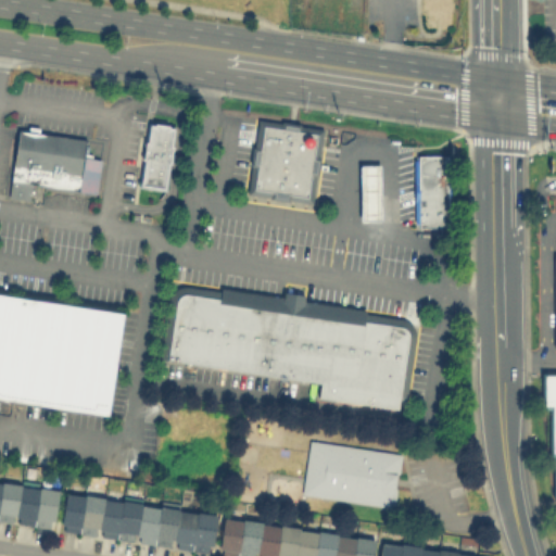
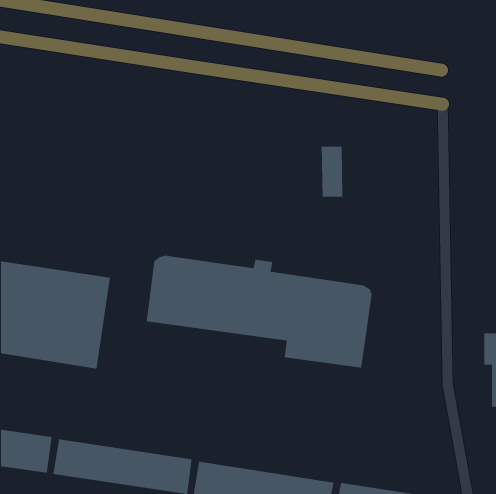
building: [248,122,325,206] -> none
building: [141,124,177,188] -> none
building: [9,131,101,201] -> none
building: [417,156,451,231] -> none
building: [302,442,403,510] -> none

